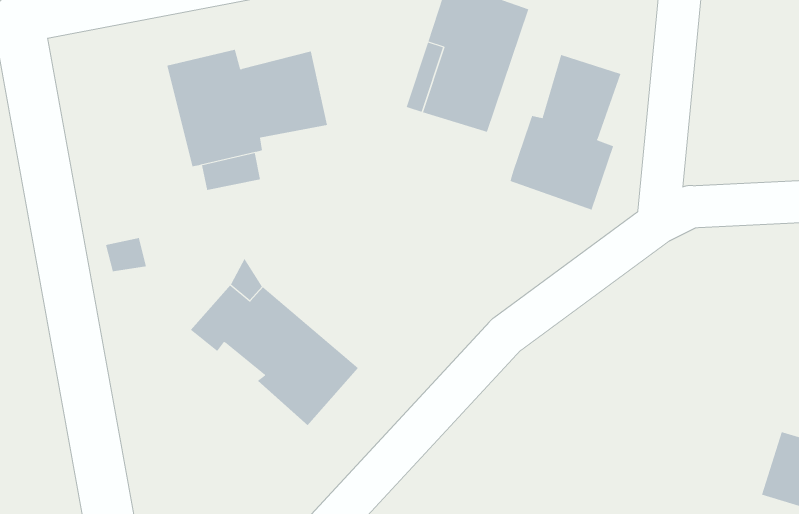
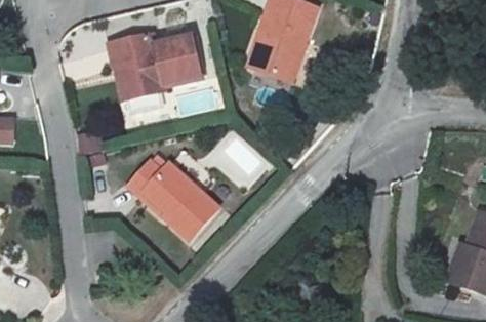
building: [510,54,621,211] -> none

